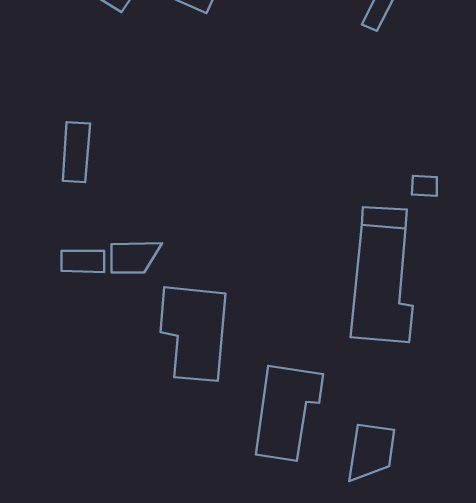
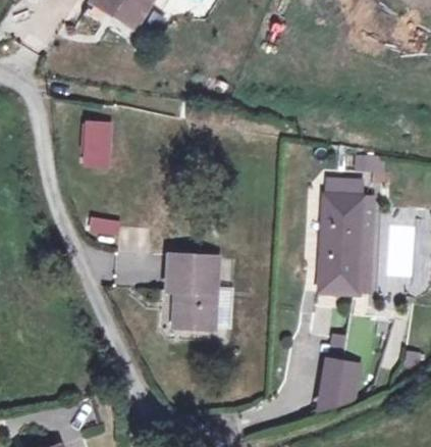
building: [111,243,162,273] -> none
building: [256,366,323,461] -> none

